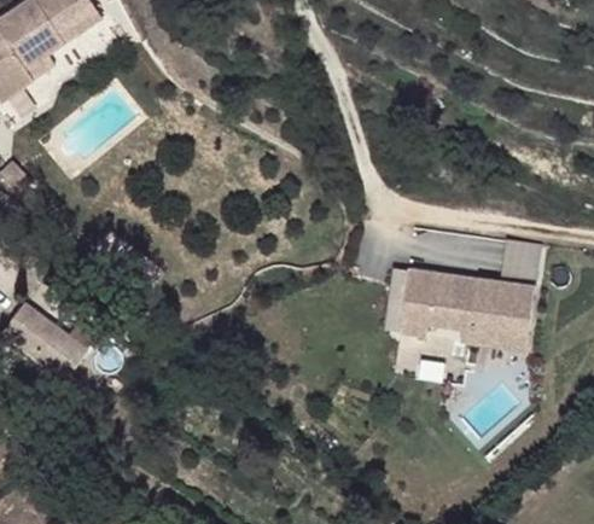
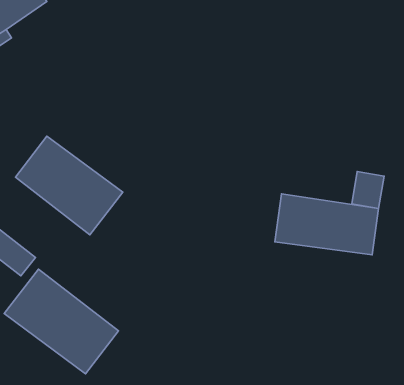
building: none -> [16,136,123,235]
building: none -> [4,269,118,374]

